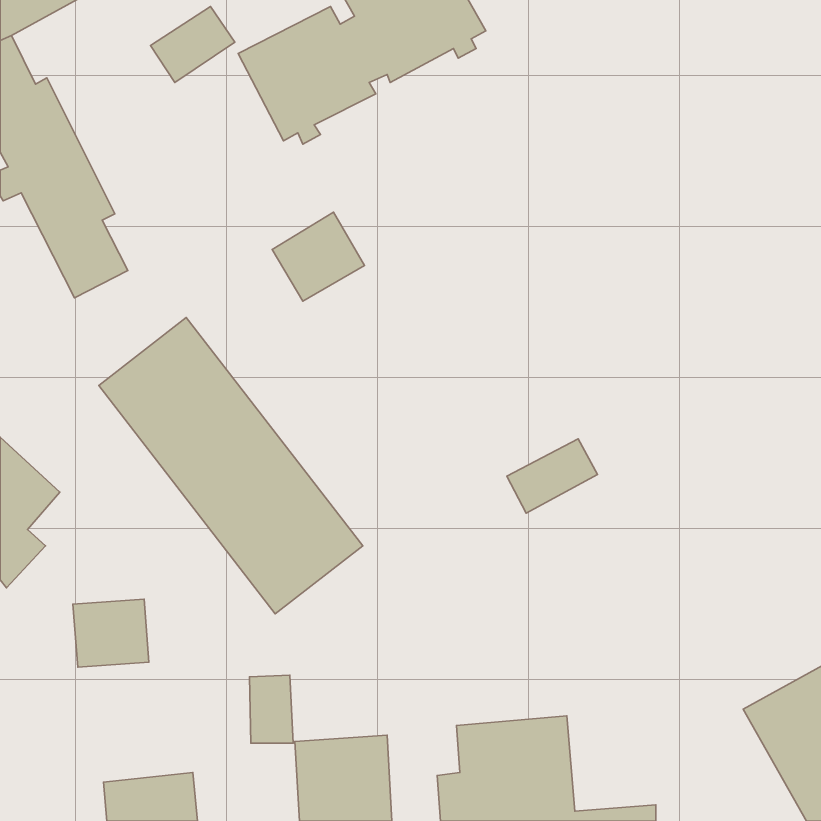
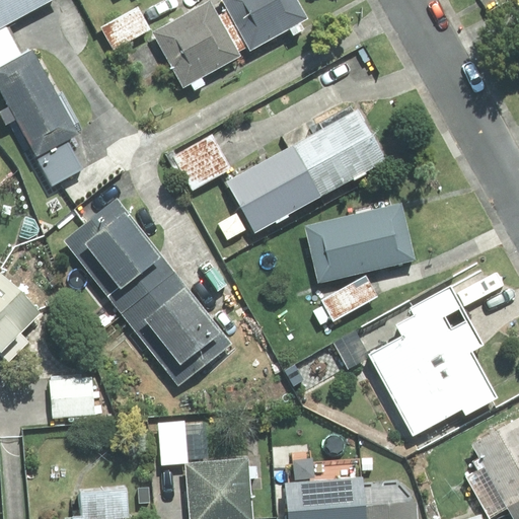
building: none -> [216,112,383,243]
building: none -> [303,204,410,284]
building: none -> [365,288,492,437]

